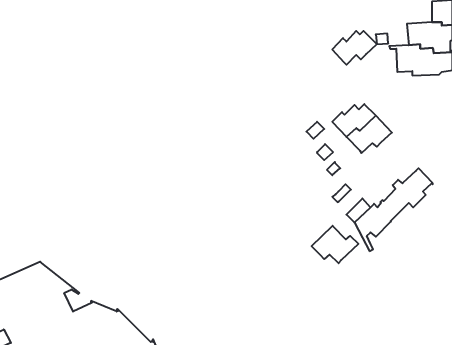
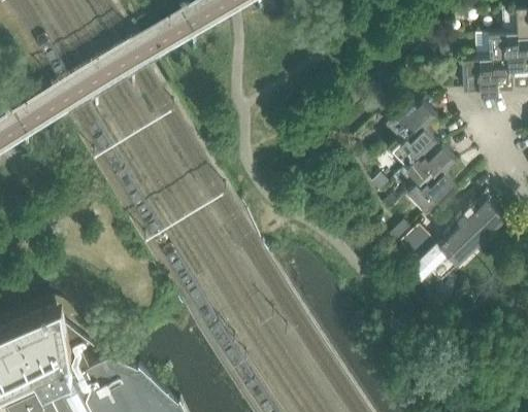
building: [332,31,377,65] -> [385,101,436,140]
building: none -> [406,172,458,212]
building: [312,226,358,263] -> none

